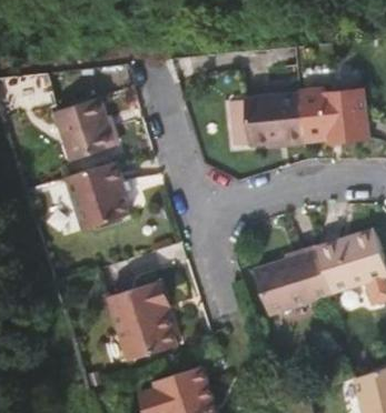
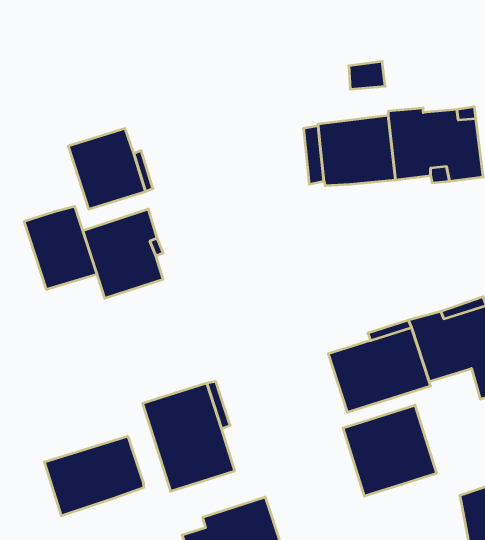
building: none -> [24,206,97,290]
building: none -> [343,405,436,496]
building: none -> [44,436,143,516]

